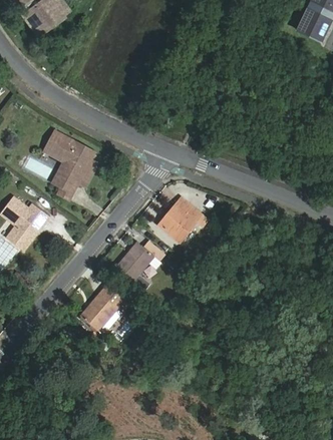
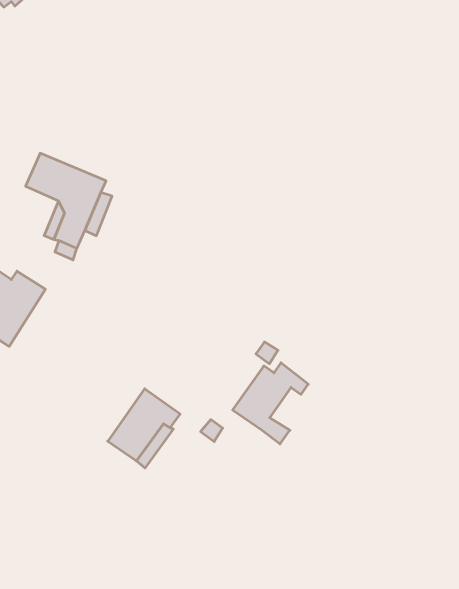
building: [158,196,202,241] -> none
building: [115,239,164,290] -> [233,363,308,444]

